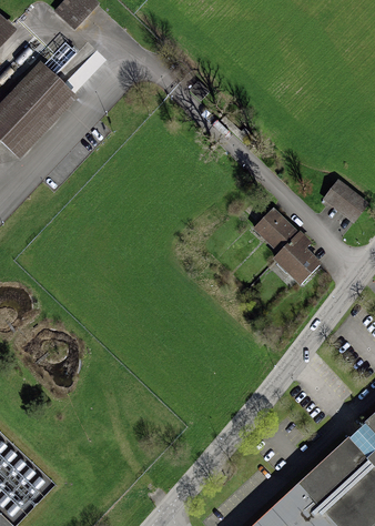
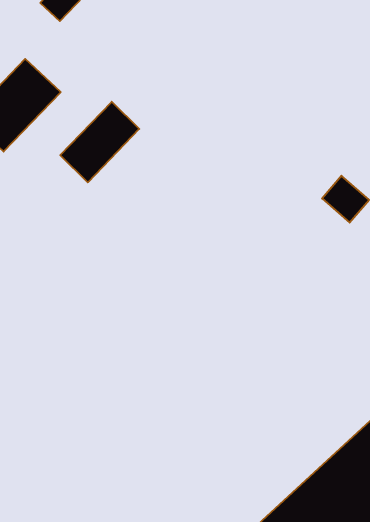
building: none -> [60,102,139,182]
building: [255,204,325,282] -> none

